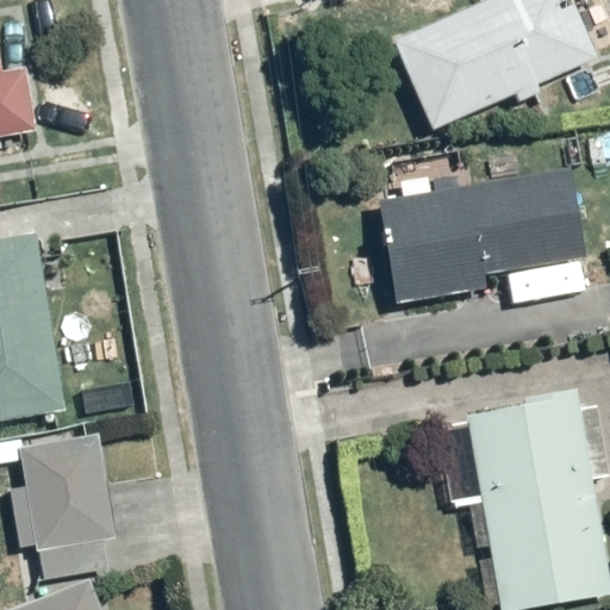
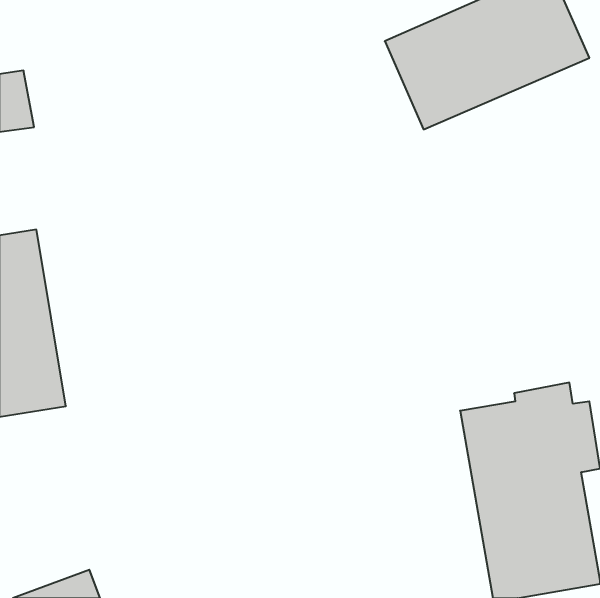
building: [375,168,585,304] -> none
building: [12,434,116,579] -> none

